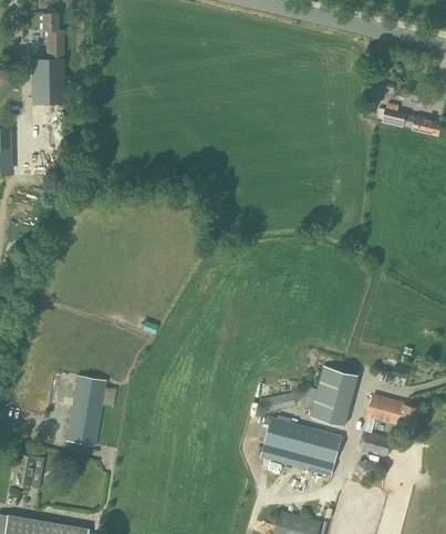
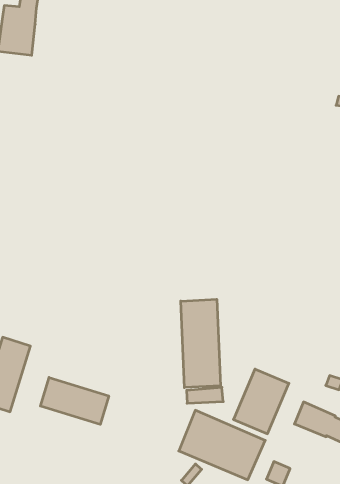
building: none -> [181,299,220,388]
building: none -> [40,377,109,424]
building: [359,431,394,454] -> none

